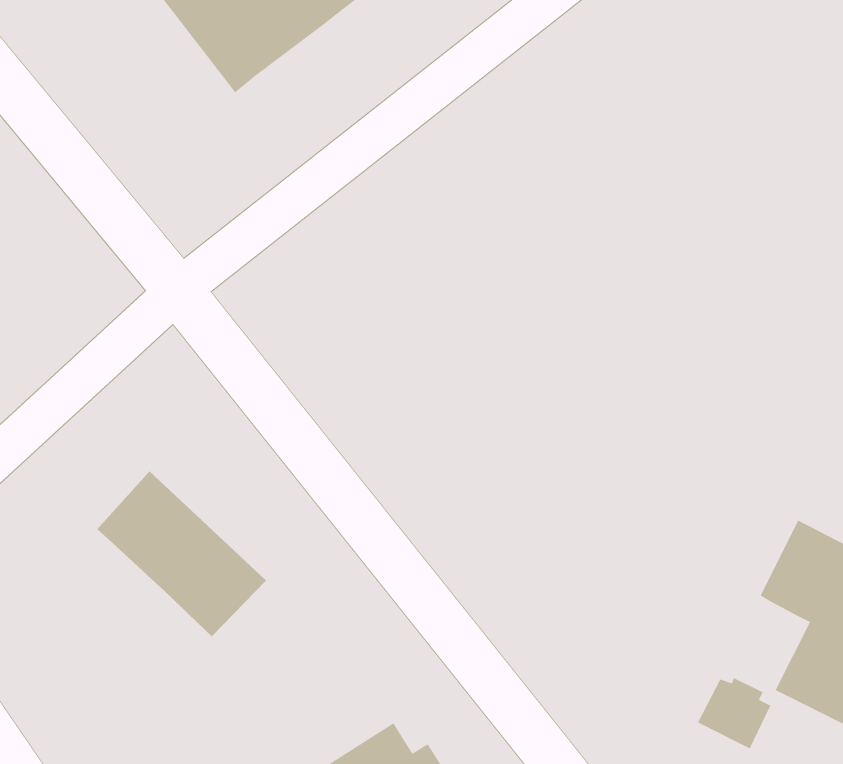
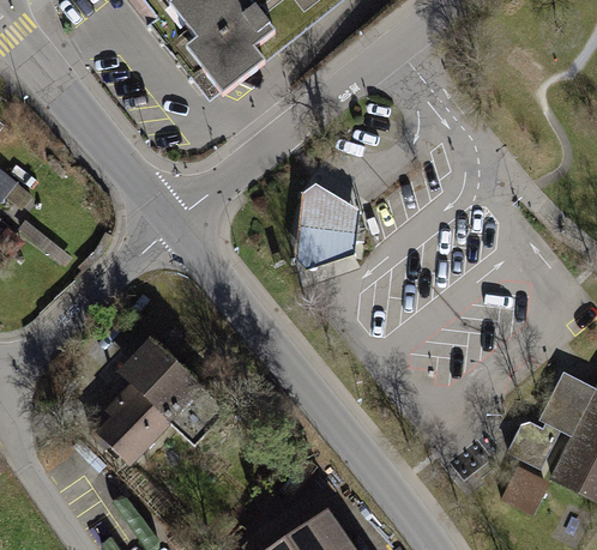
building: none -> [297,187,360,272]
building: none -> [95,383,169,469]
building: none -> [509,416,562,465]

